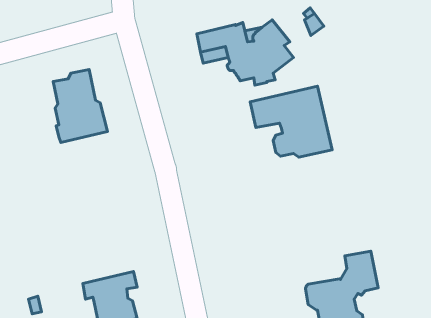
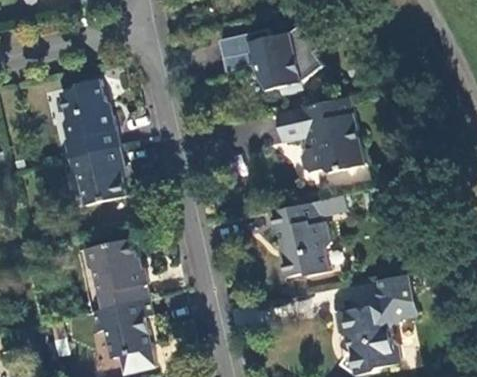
building: none -> [69,145,126,204]
building: none -> [266,201,328,277]
building: none -> [84,237,148,308]

